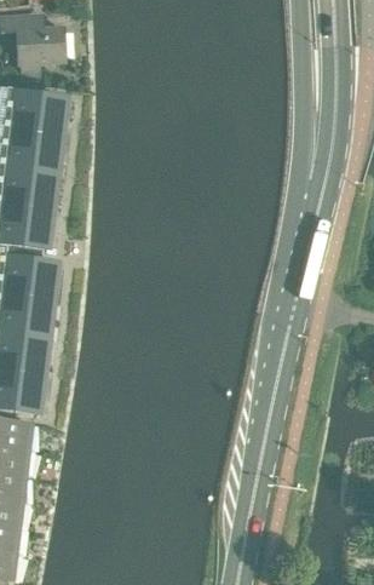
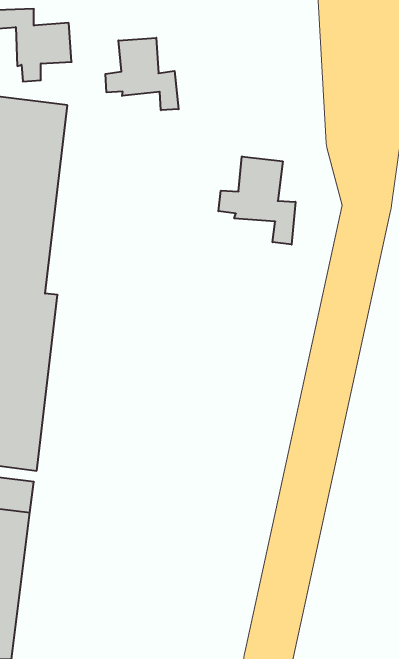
building: none -> [105,38,179,110]
building: none -> [218,156,295,245]

